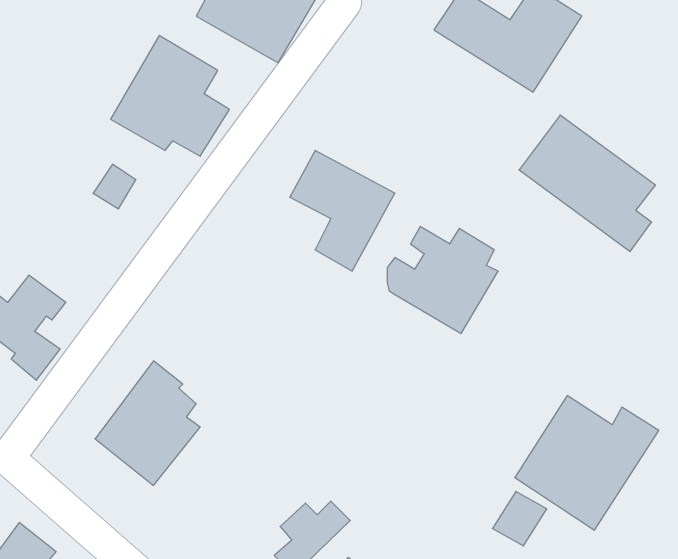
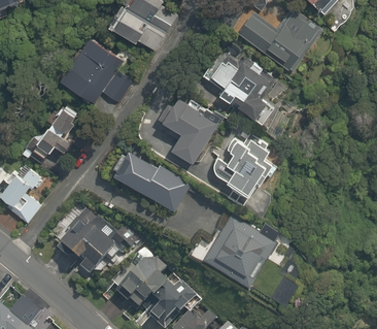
building: [519,115,655,251] -> [199,45,271,118]
building: none -> [34,125,72,159]
building: none -> [113,149,183,205]
building: [515,396,659,530] -> [204,217,280,288]
building: none -> [117,255,167,306]

